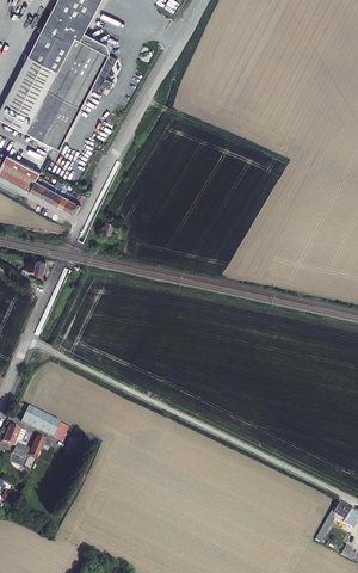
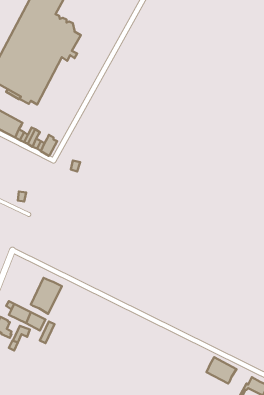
building: none -> [31,278,62,314]
building: none -> [207,357,236,384]

